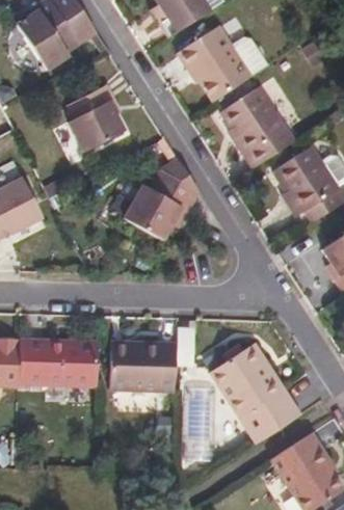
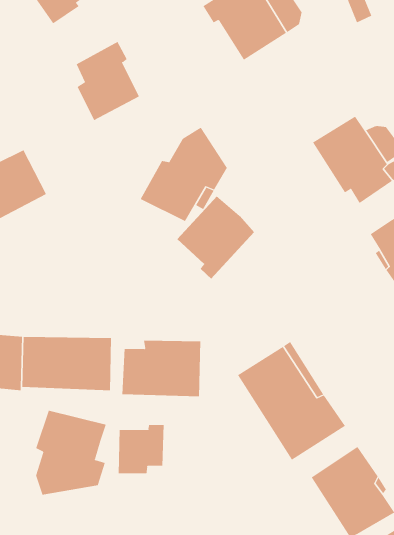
building: [220,86,293,169] -> none
building: none -> [177,196,255,279]
building: none -> [35,410,106,495]
building: none -> [118,424,164,474]

